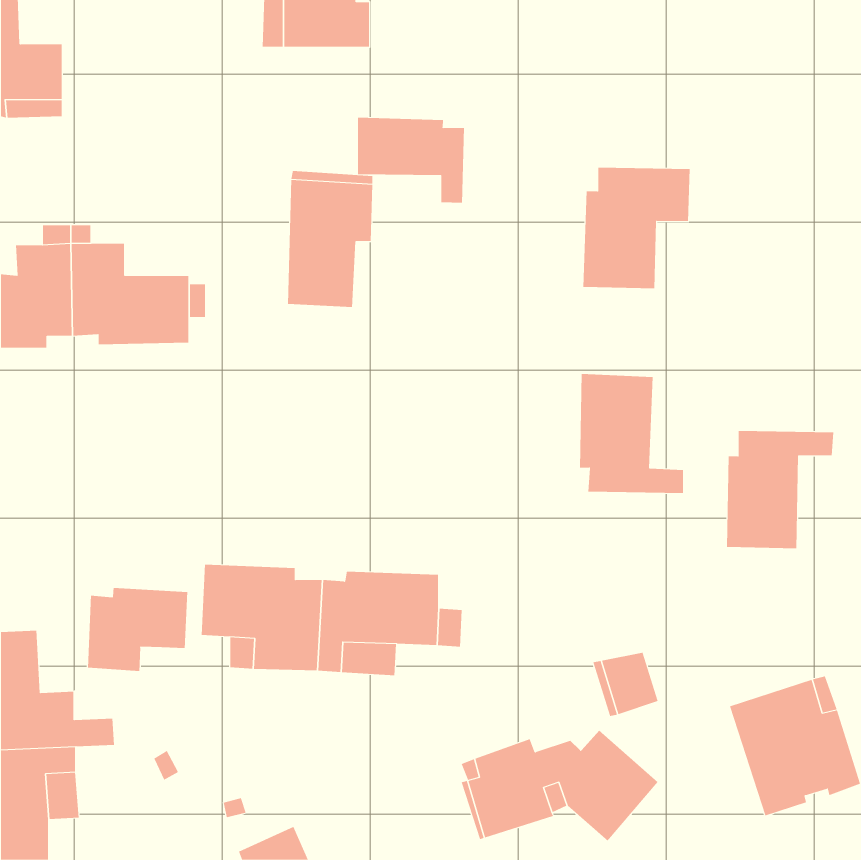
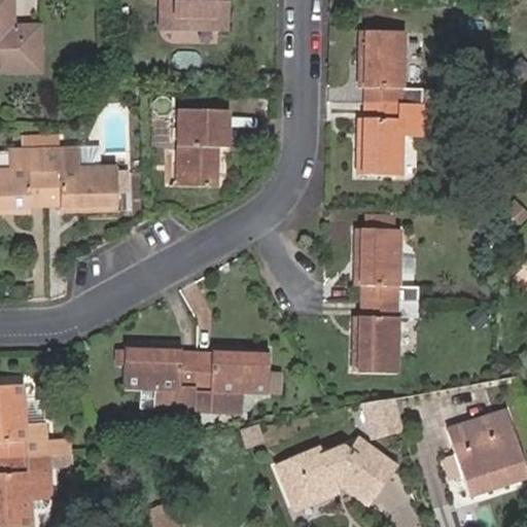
building: none -> [358,31,423,103]
building: [357,117,465,204] -> none
building: [726,430,834,549] -> [352,300,418,372]
building: [88,587,188,672] -> none

